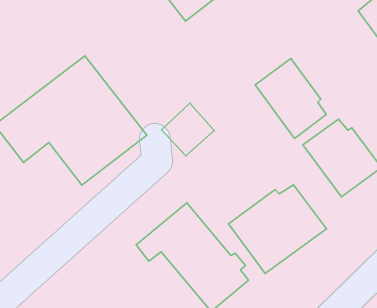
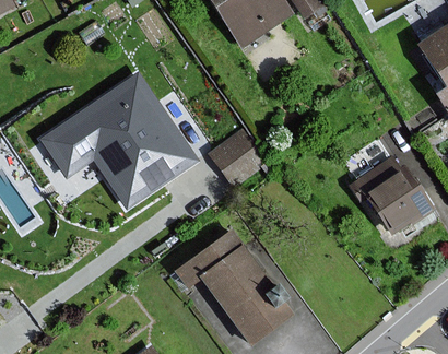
building: [255,58,326,138] -> none
building: [229,185,326,274] -> none

